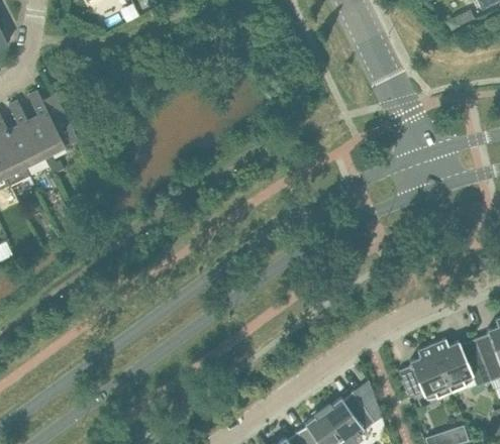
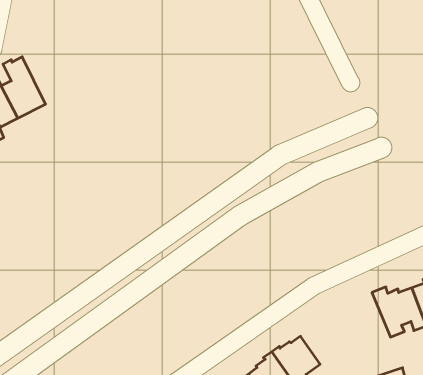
building: [398,343,452,398] -> none

